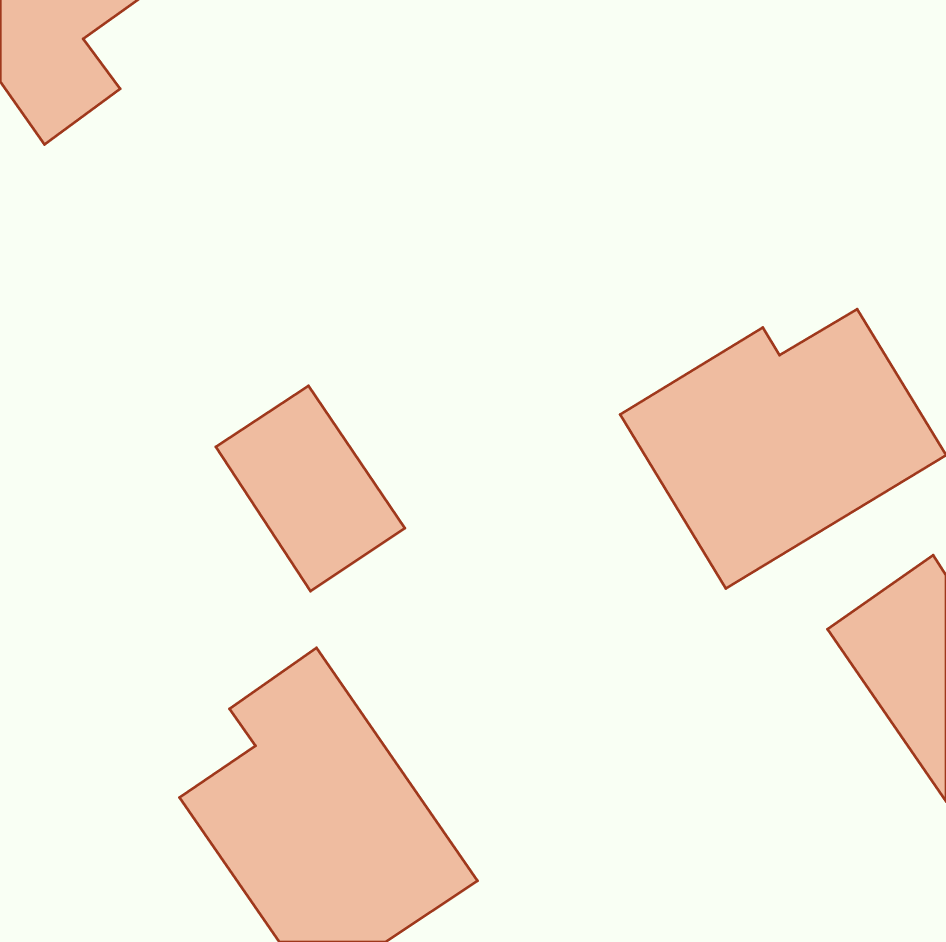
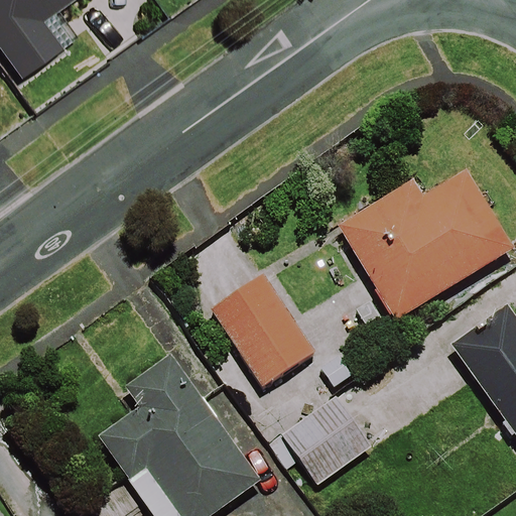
building: [216,386,405,591] -> [213,274,315,386]
building: none -> [281,396,373,485]

